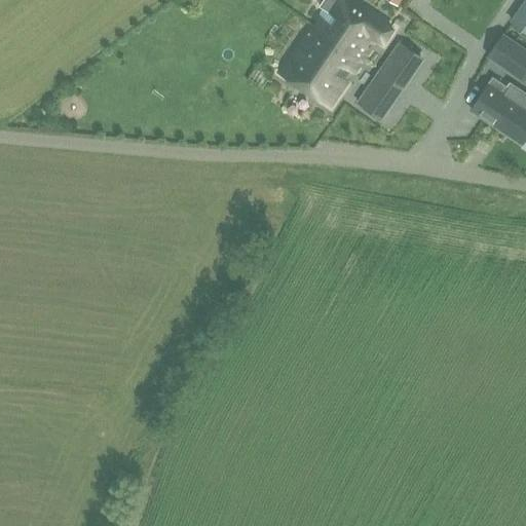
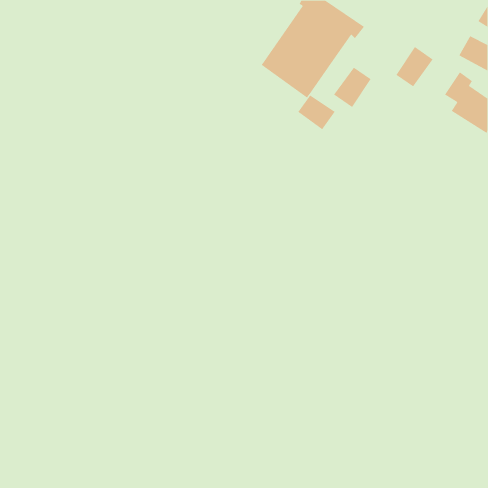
building: [380,41,421,85] -> [395,46,434,87]
building: none -> [298,94,335,130]

